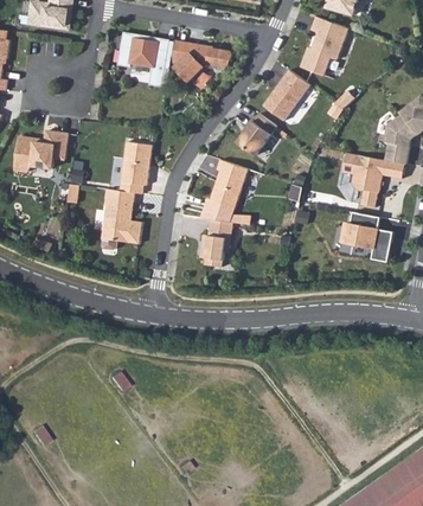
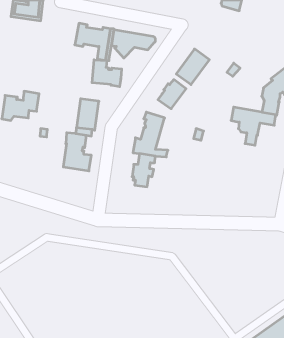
building: [300,17,347,76] -> none
building: none -> [92,60,122,87]
building: [341,212,392,262] -> none

